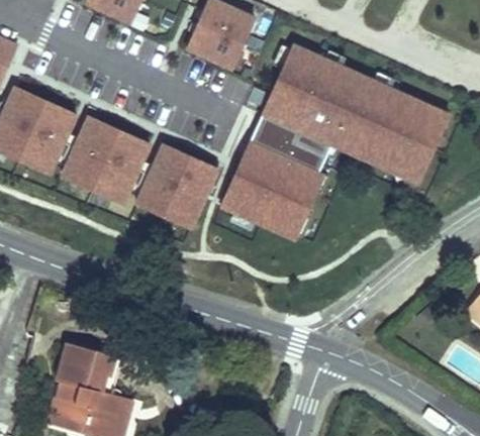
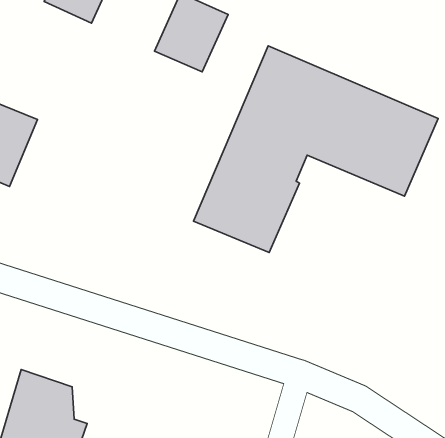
building: [63,118,150,204] -> none
building: [136,144,220,229] -> none

